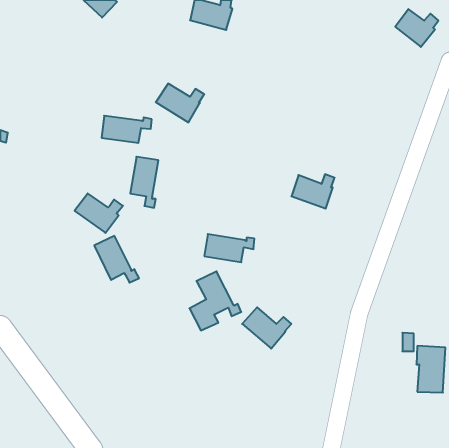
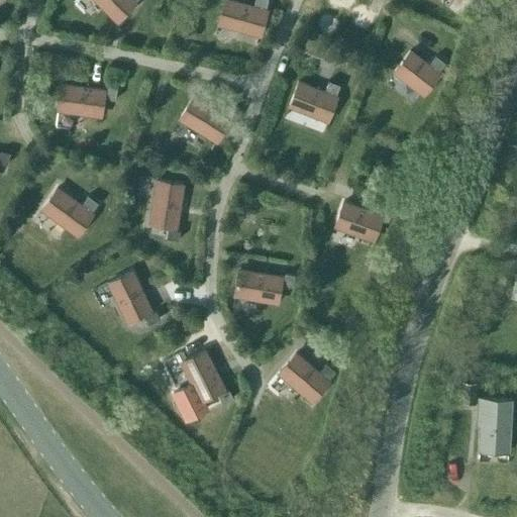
building: [395,9,438,47] -> [395,53,444,96]
building: none -> [290,82,340,122]
building: [102,116,152,143] -> [59,86,116,117]
building: [75,193,123,233] -> [42,190,98,235]
building: [189,271,241,330] -> [174,352,233,420]

